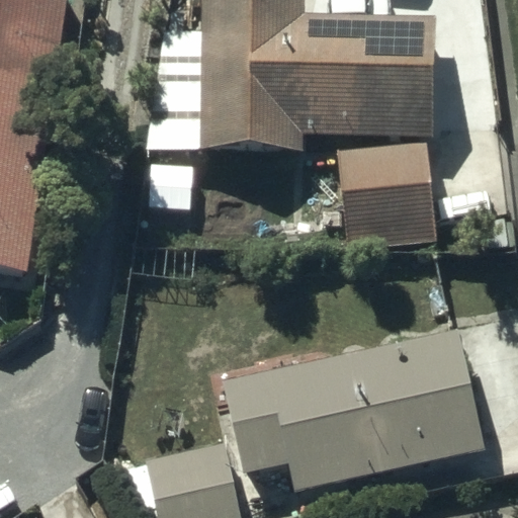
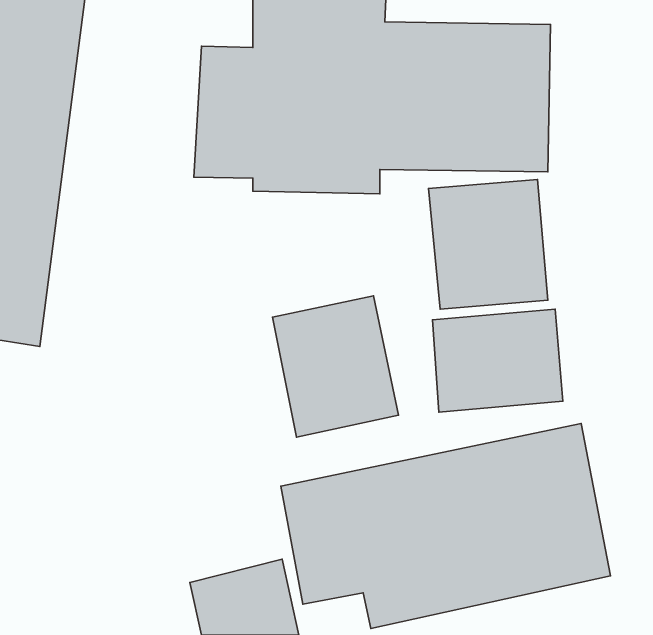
building: none -> [273,296,399,437]
building: none -> [432,309,563,412]

